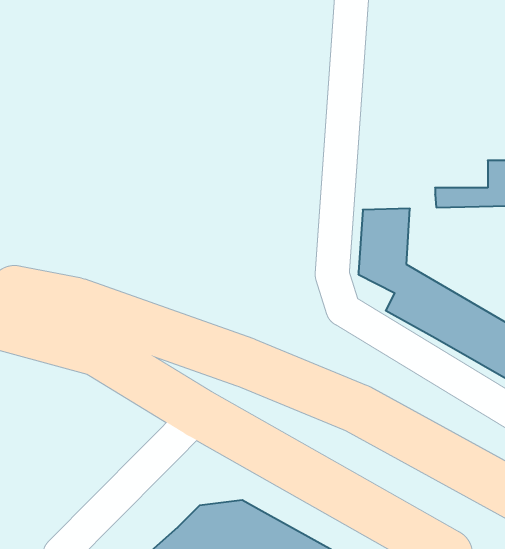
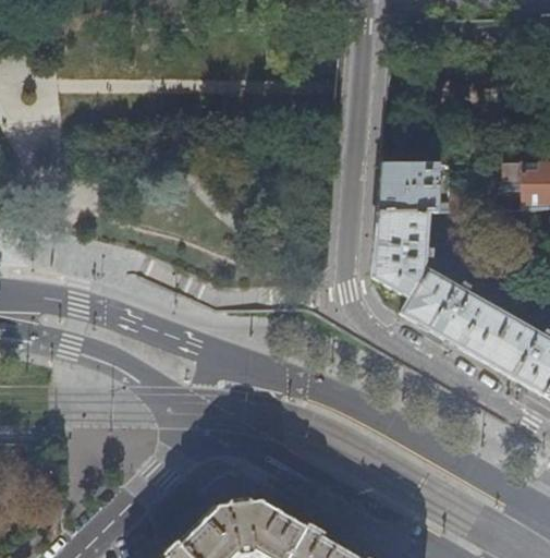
building: none -> [380,162,453,213]

